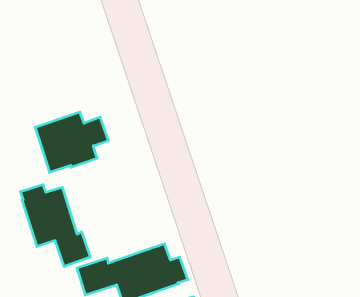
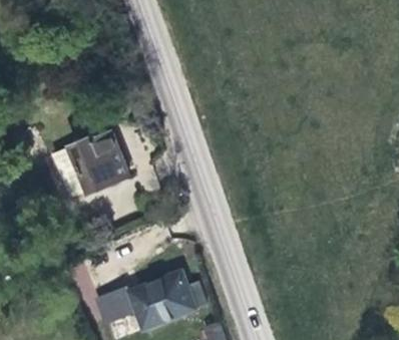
building: [20,185,90,267] -> none

